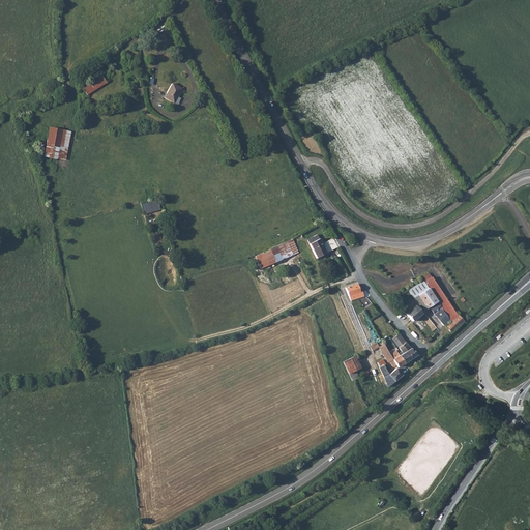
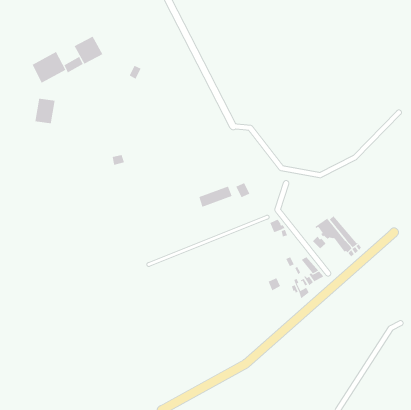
building: none -> [74,36,103,64]
building: none -> [32,51,66,83]

